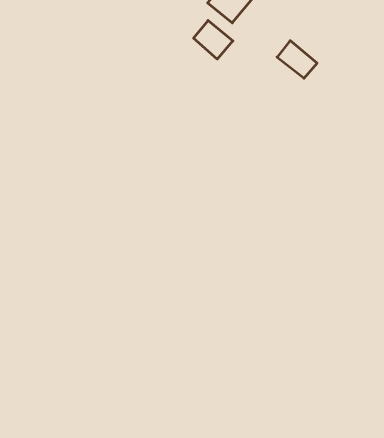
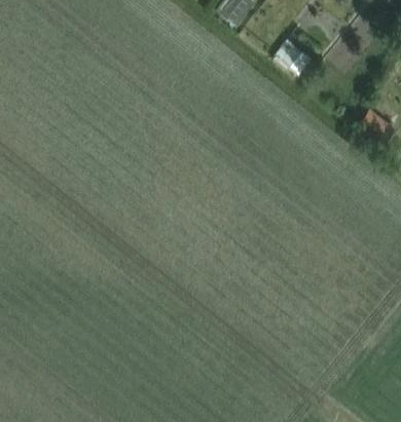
building: [194,20,233,59] -> none

